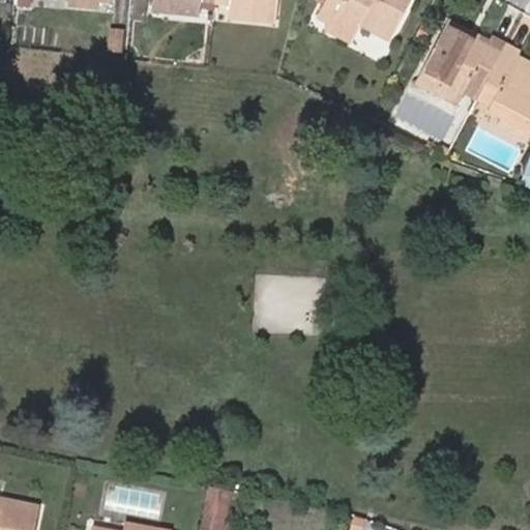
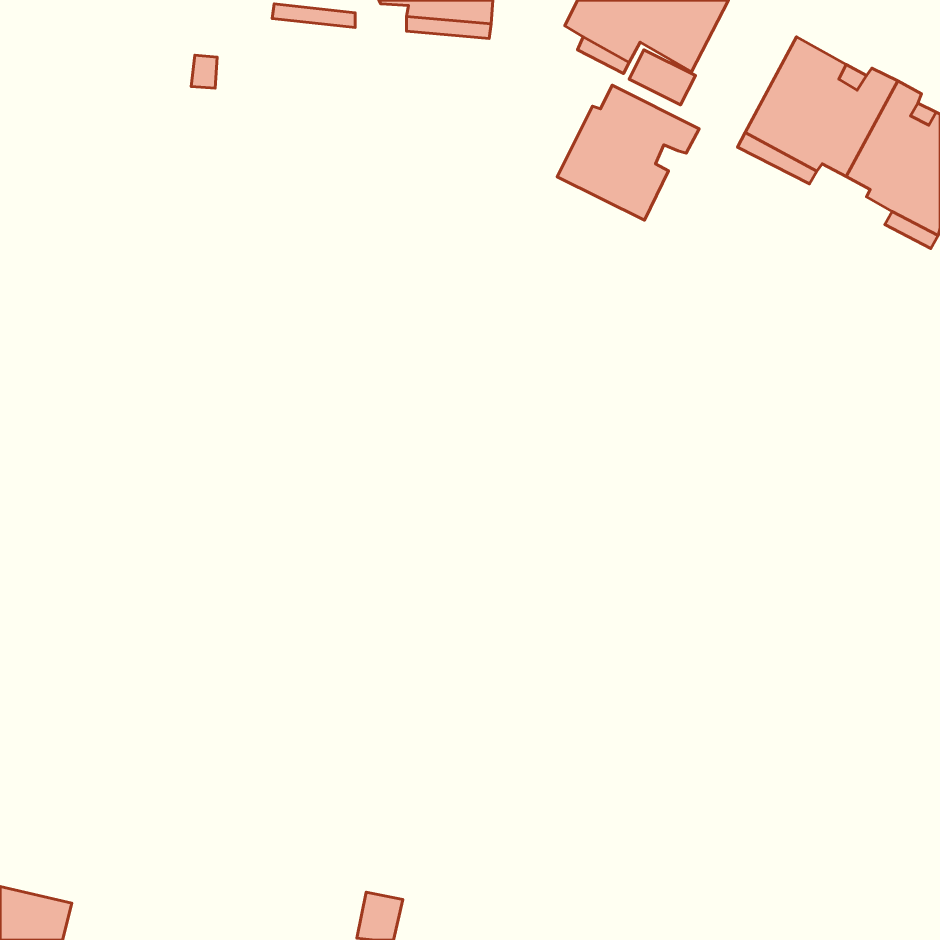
building: none -> [557,85,699,220]

